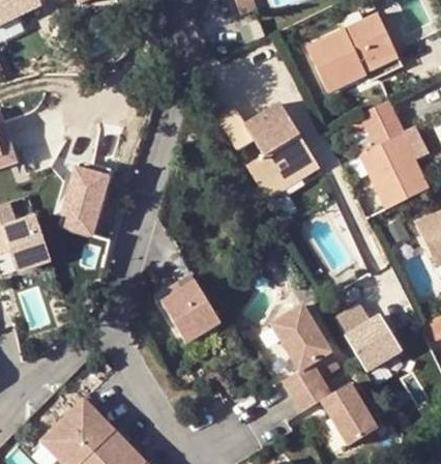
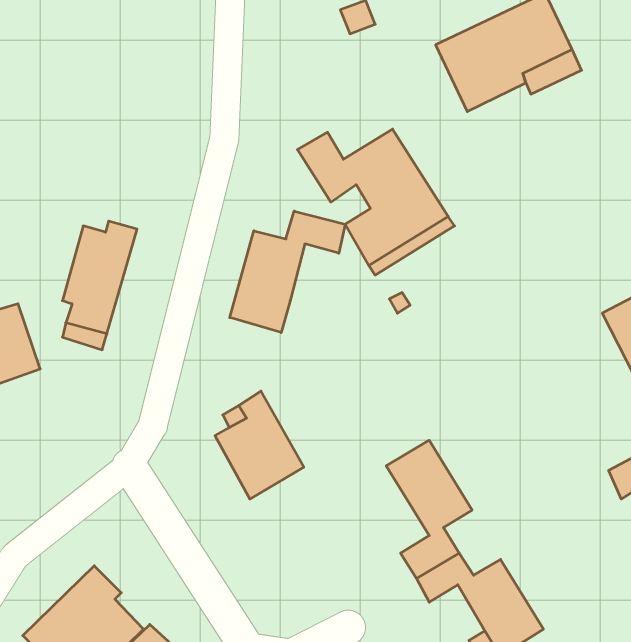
building: [358,99,430,208] -> none
building: none -> [230,211,345,333]
building: [336,307,401,374] -> none

